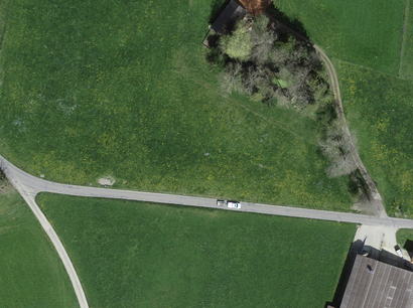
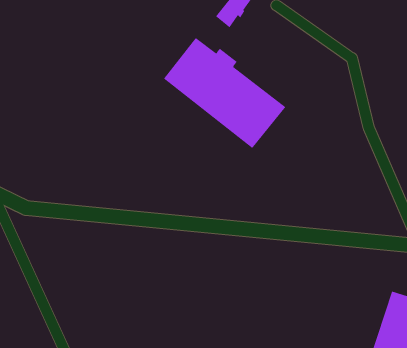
building: none -> [163,37,286,149]

